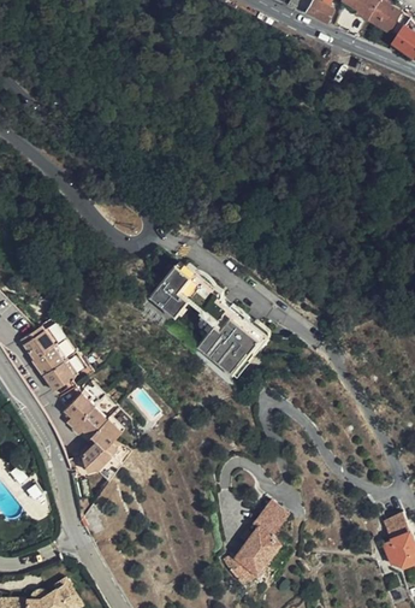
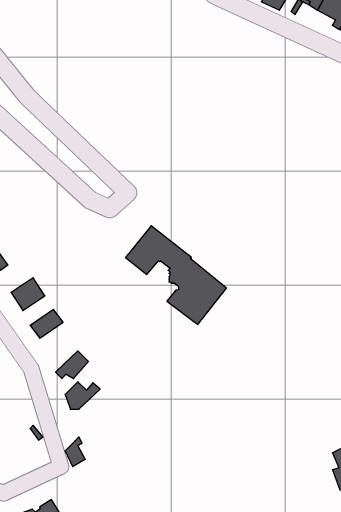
building: [31,343,67,377] -> none
building: [61,392,95,429] -> none
building: [90,414,124,450] -> none
building: [233,498,292,579] -> none

